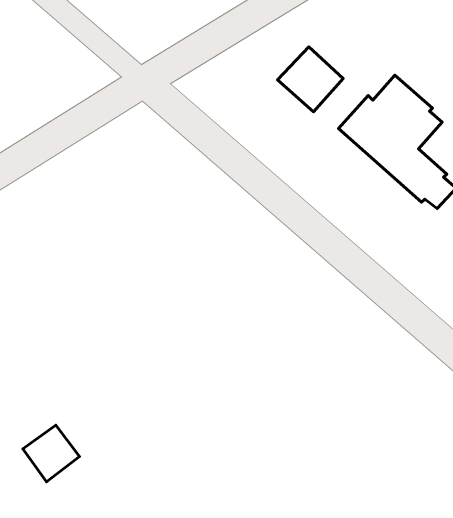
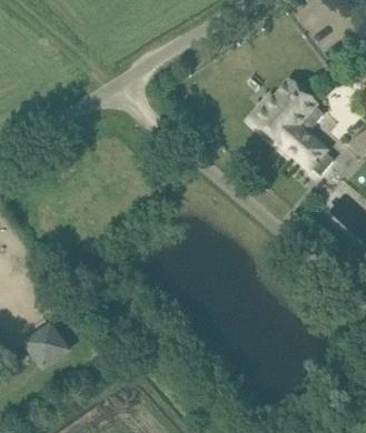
building: [277,47,343,112] -> none

